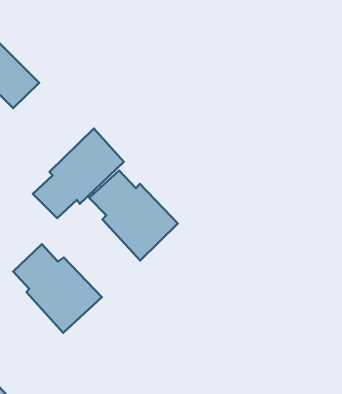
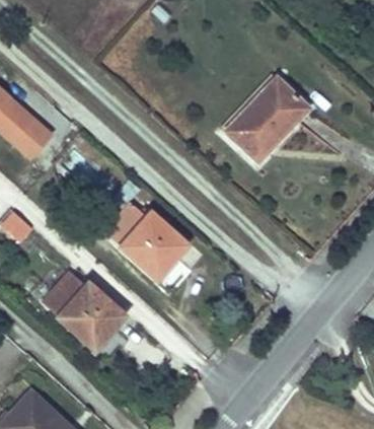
building: none -> [225,77,309,162]
building: [33,129,124,218] -> none

